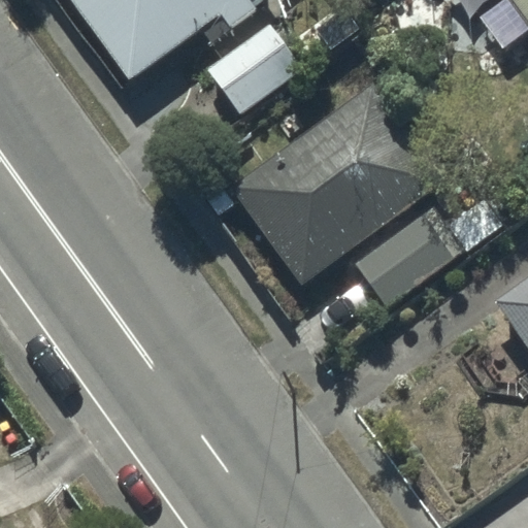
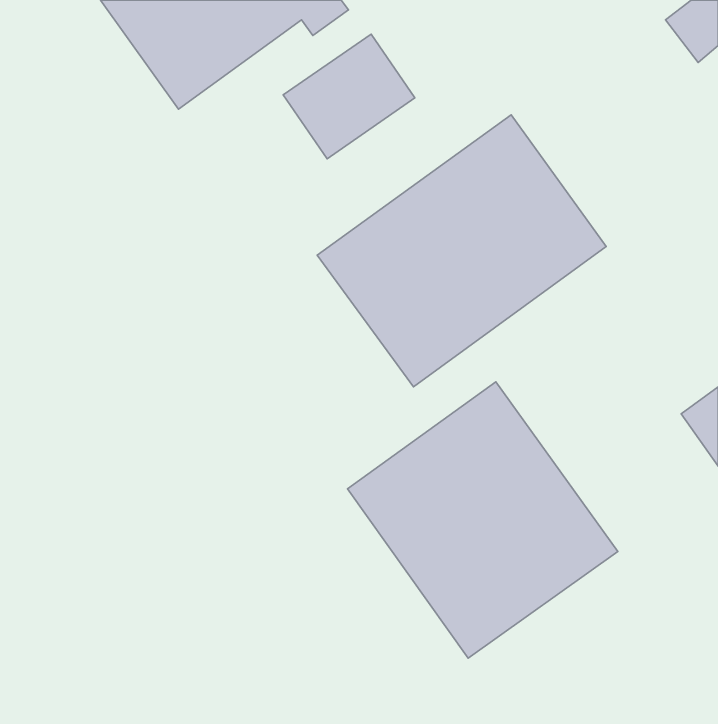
building: [355,201,499,308] -> none
building: none -> [348,382,618,658]

